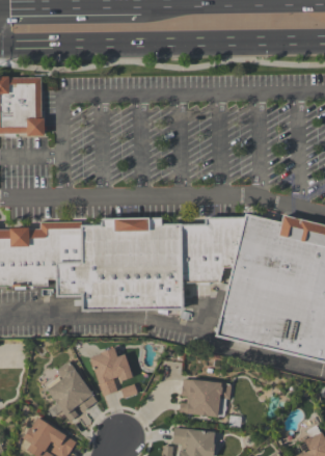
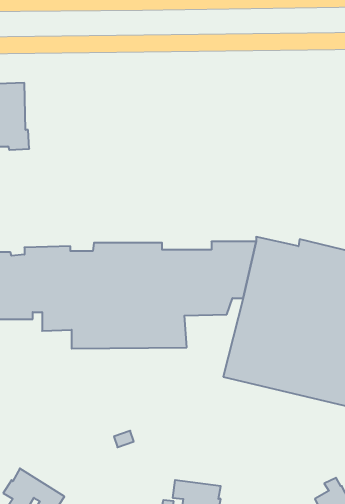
building: [90,348,133,397] -> none
building: [47,361,98,422] -> none
building: [180,379,233,418] -> none

